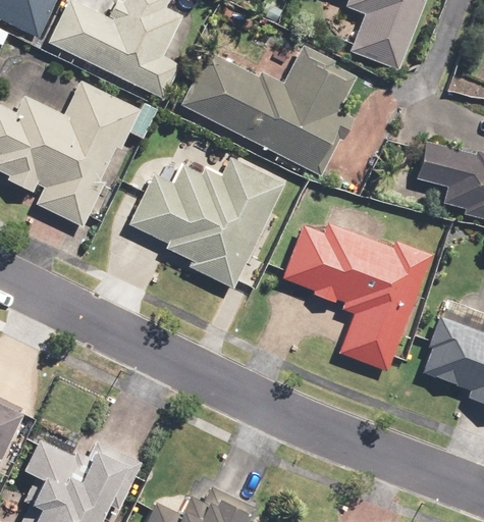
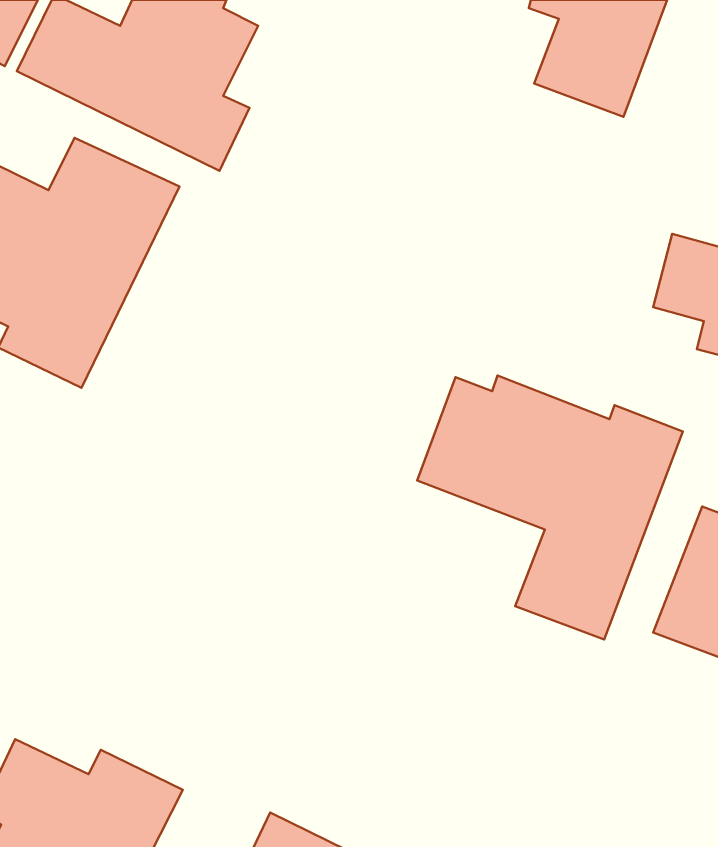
building: [181,42,357,176] -> none
building: [126,154,287,290] -> none

